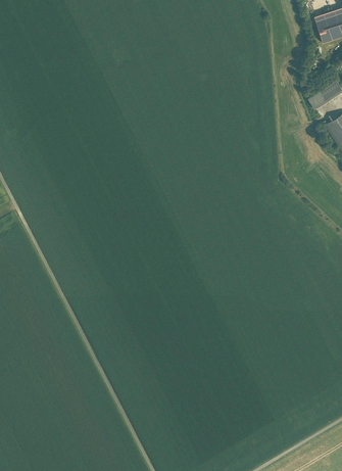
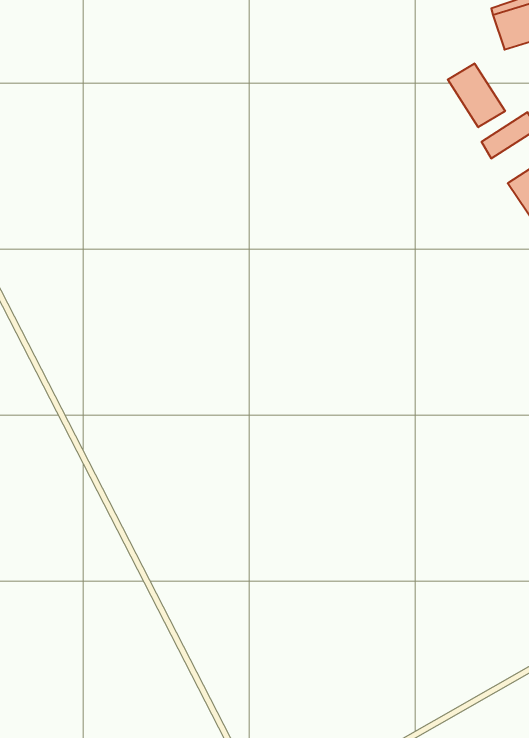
building: none -> [448,63,505,127]

